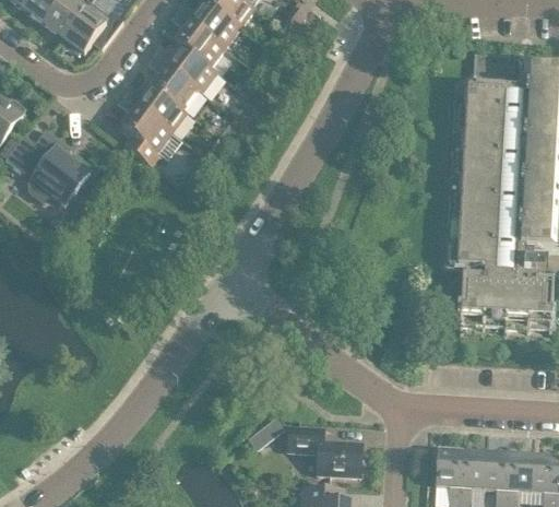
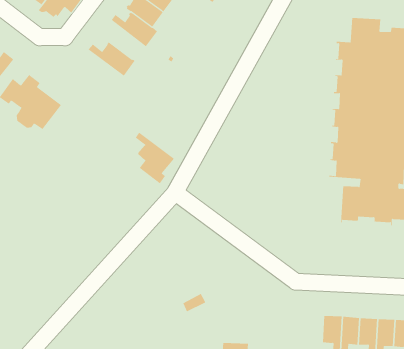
building: [150,58,198,110] -> none
building: [119,97,173,167] -> [135,132,175,184]
building: [288,427,362,476] -> none

